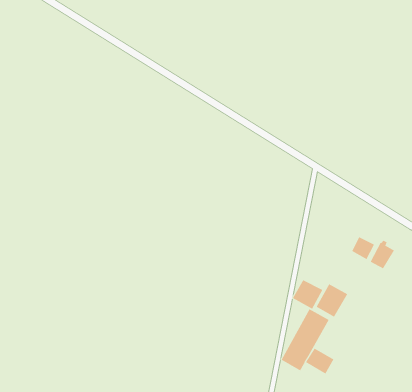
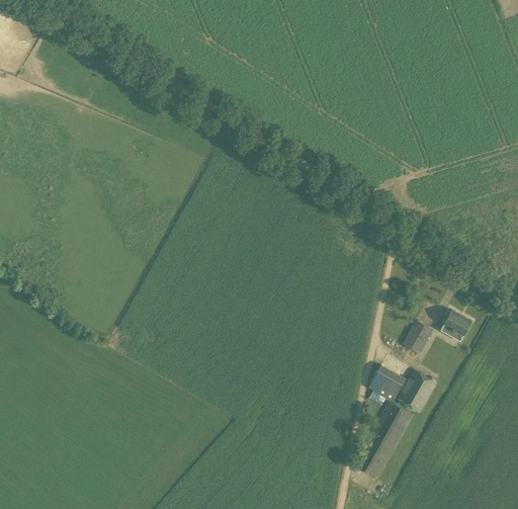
building: [370,240,395,269] -> [402,317,433,353]
building: [305,348,334,374] -> none

